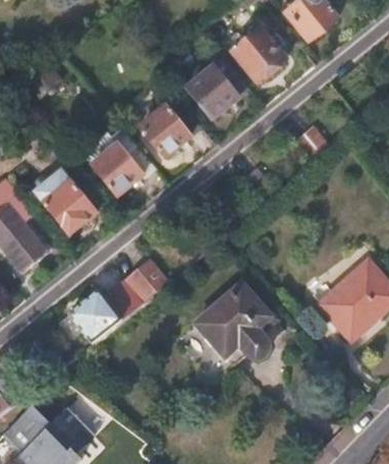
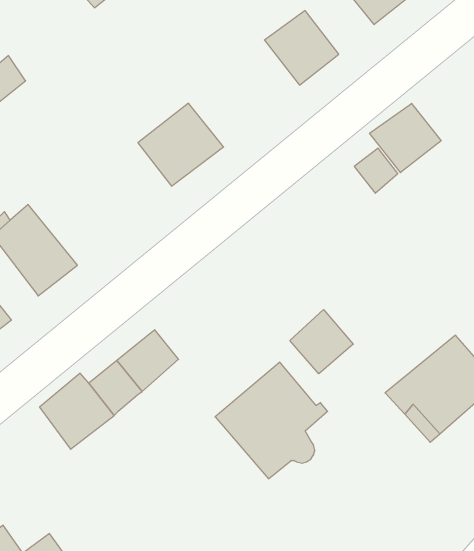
building: [186,66,237,116] -> none
building: none -> [370,103,441,173]
building: [90,125,154,193] -> none
building: none -> [290,310,353,374]

